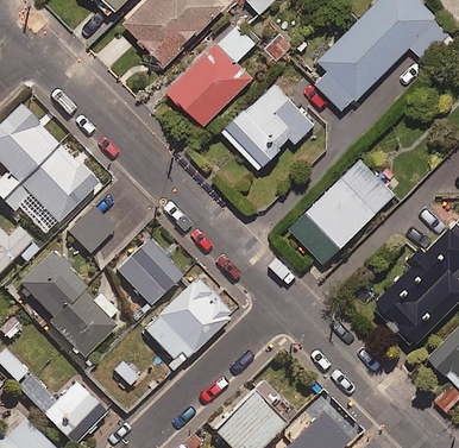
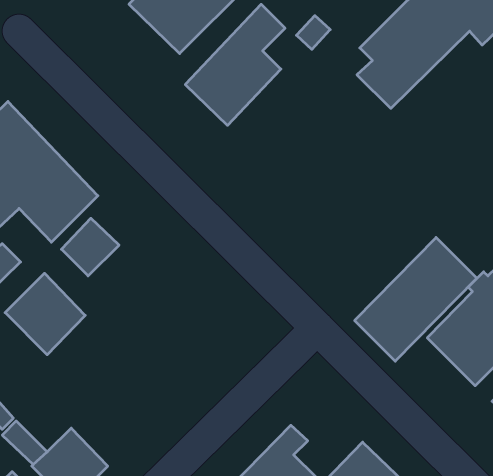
building: [225,82,314,168] -> none
building: [289,156,392,260] -> [355,237,477,361]
building: [118,241,182,305] -> none
building: [143,278,232,366] -> none
building: [52,294,115,356] -> none

